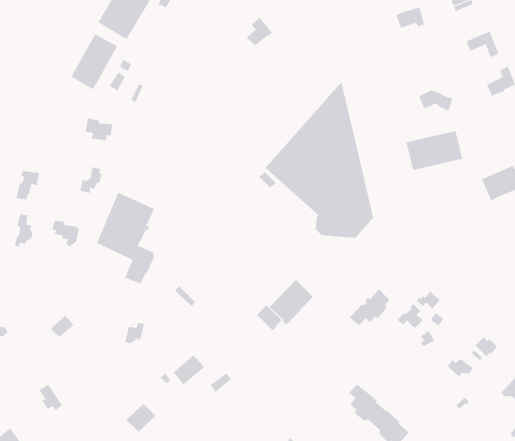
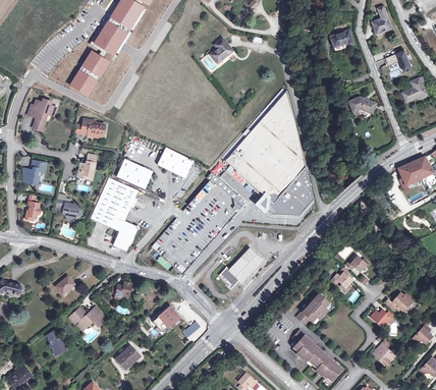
building: none -> [28,99,56,130]
building: [406,130,463,171] -> none
building: none -> [157,146,194,176]
building: none -> [117,158,153,188]
building: [349,288,390,327] -> [296,293,329,324]
building: none -> [69,307,106,330]

